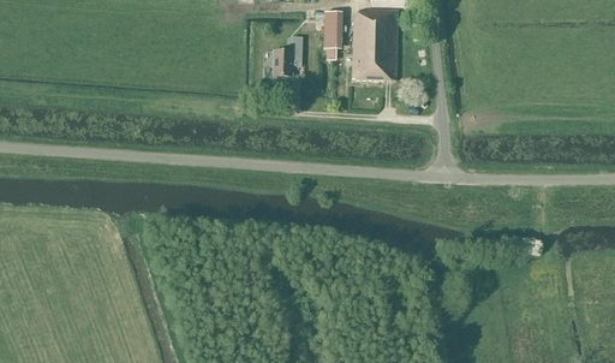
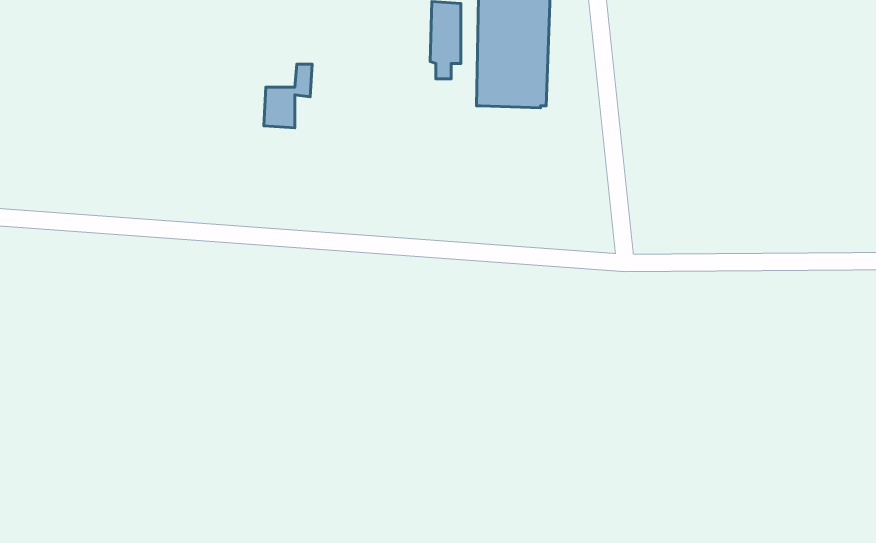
building: [274,34,304,73] -> [264,64,312,128]

